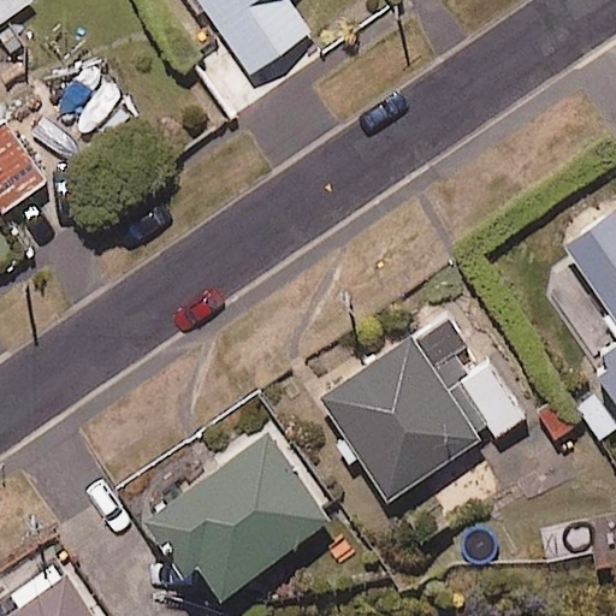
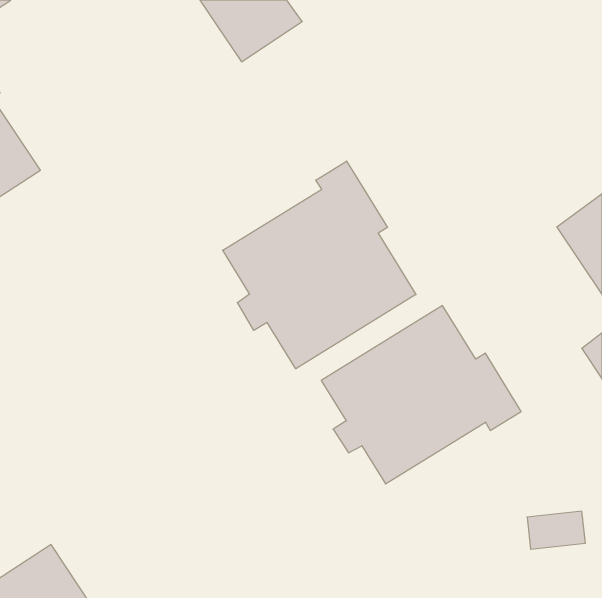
building: none -> [223,161,416,369]
building: [148,437,330,598] -> none

